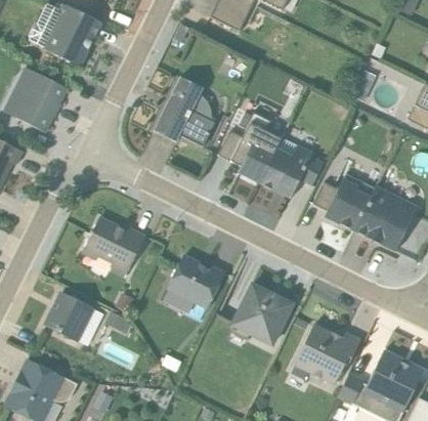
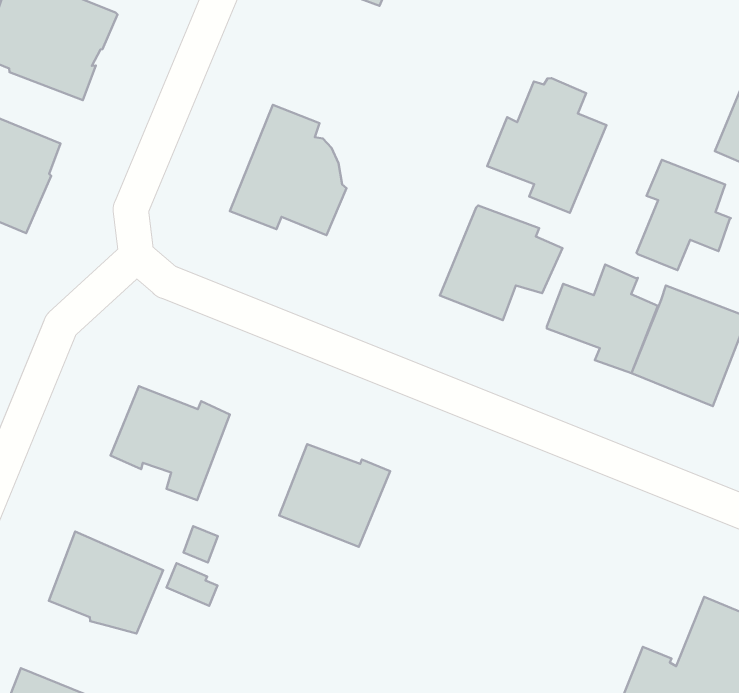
building: [218,112,282,182] -> [487,78,606,213]
building: none -> [636,160,731,270]
building: [229,282,296,347] -> none
building: [293,323,361,385] -> none

